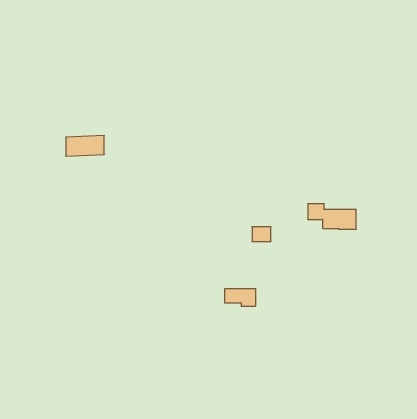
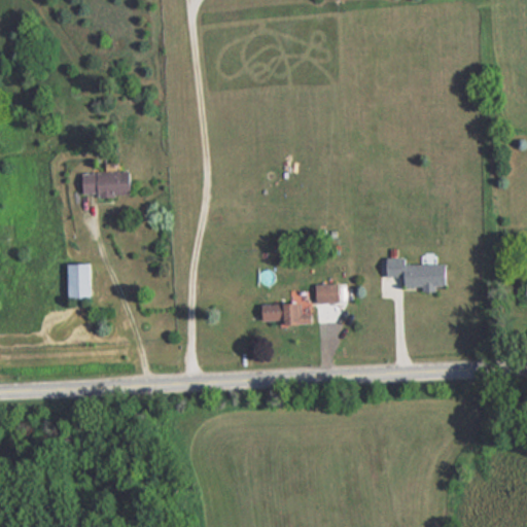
building: none -> [66,265,91,298]
building: [225,289,256,306] -> [262,305,302,326]

